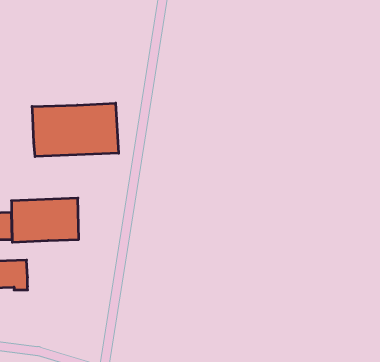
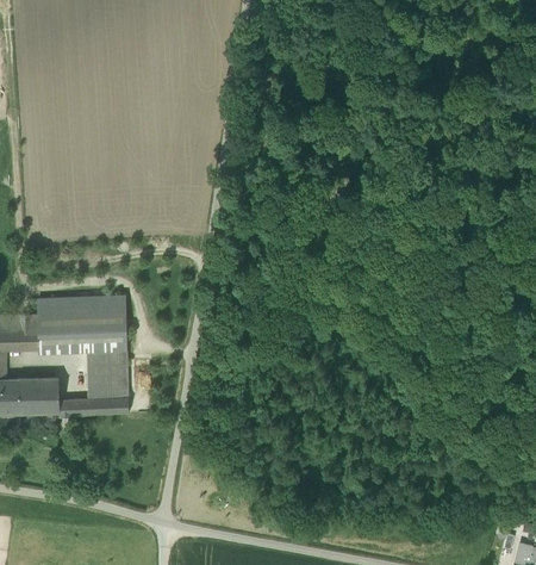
building: [32,103,119,157] -> none
building: none -> [60,349,129,416]

